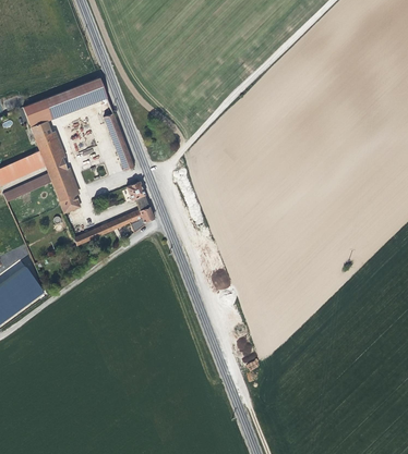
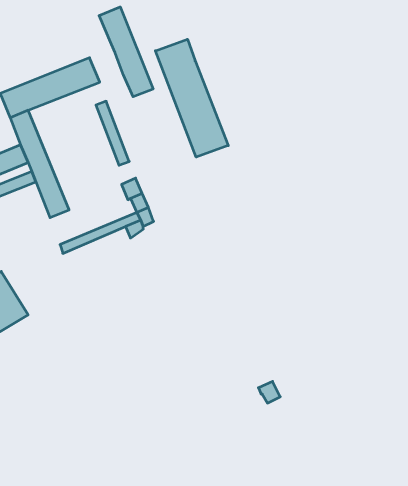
building: none -> [99,7,153,97]
building: none -> [155,39,228,157]

